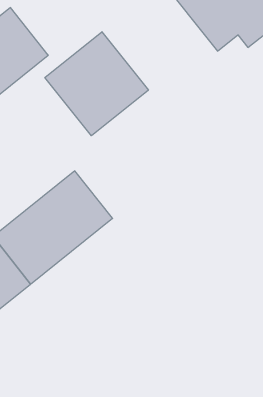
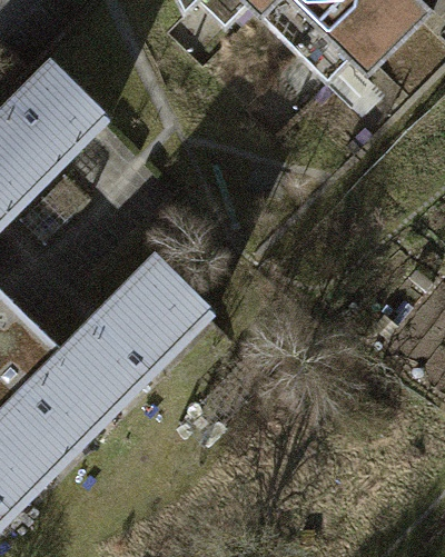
building: [45,32,148,136] -> none

